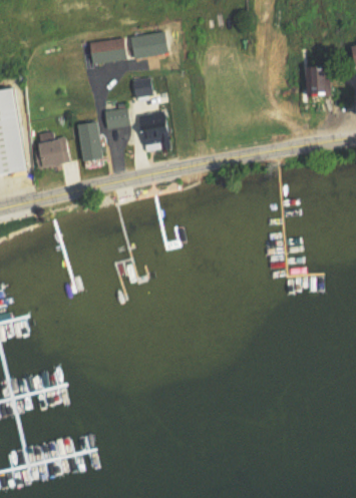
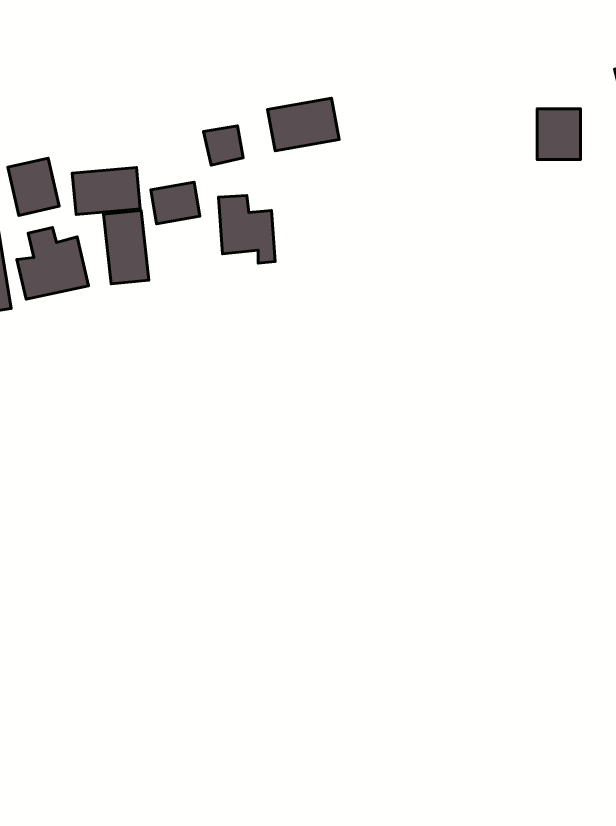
building: [128,31,166,59] -> [267,98,339,151]
building: [88,39,124,64] -> [72,167,140,215]
building: none -> [8,158,59,215]

